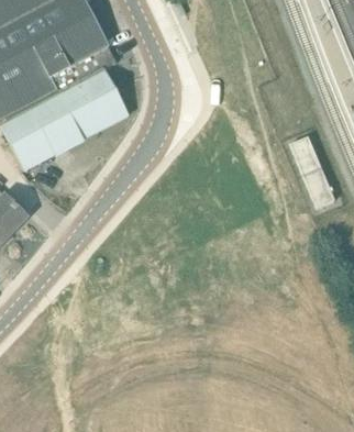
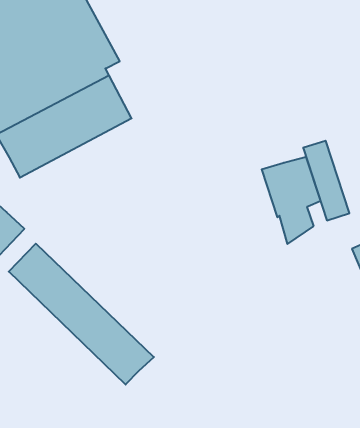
building: none -> [262,157,320,244]
building: none -> [9,244,154,385]

